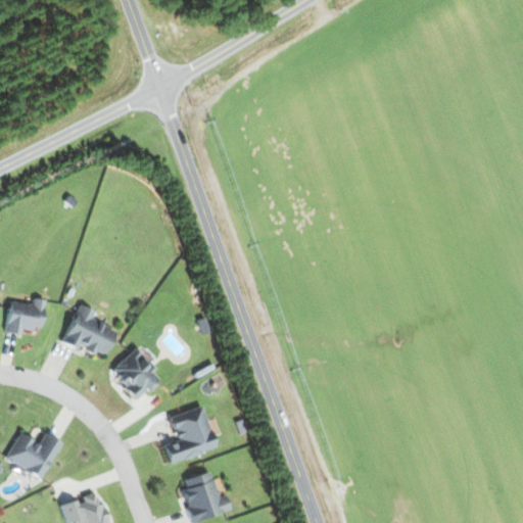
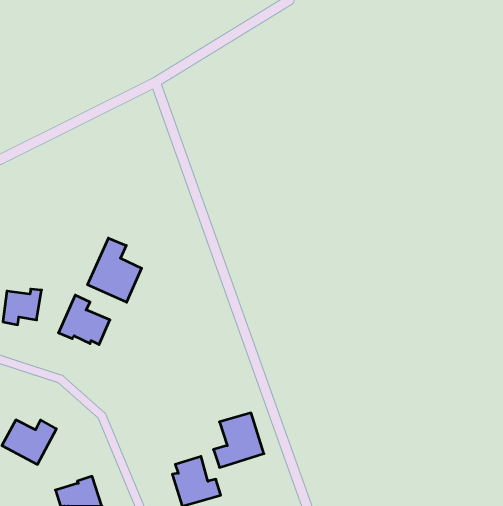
building: none -> [88,238,142,302]
building: [110,347,158,399] -> none
building: [163,407,216,463] -> [213,413,264,467]

